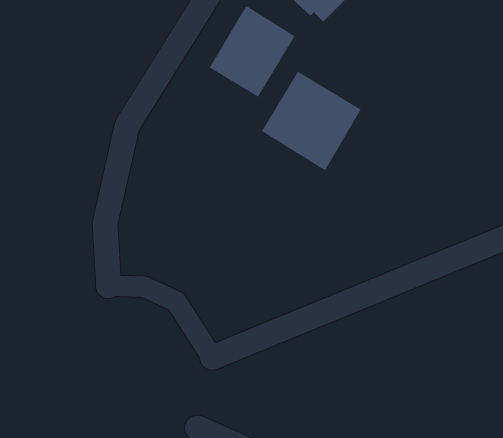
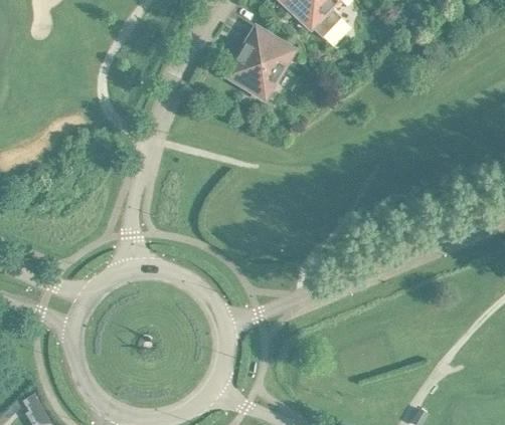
building: [261,71,362,171] -> none

